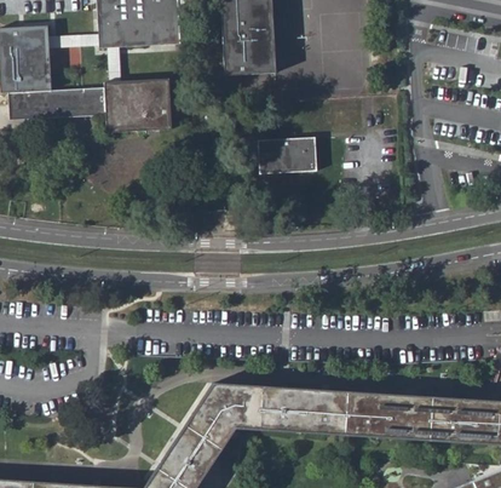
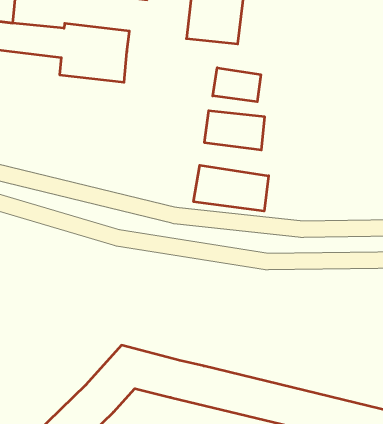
building: none -> [213,68,261,102]
building: none -> [194,165,269,211]

